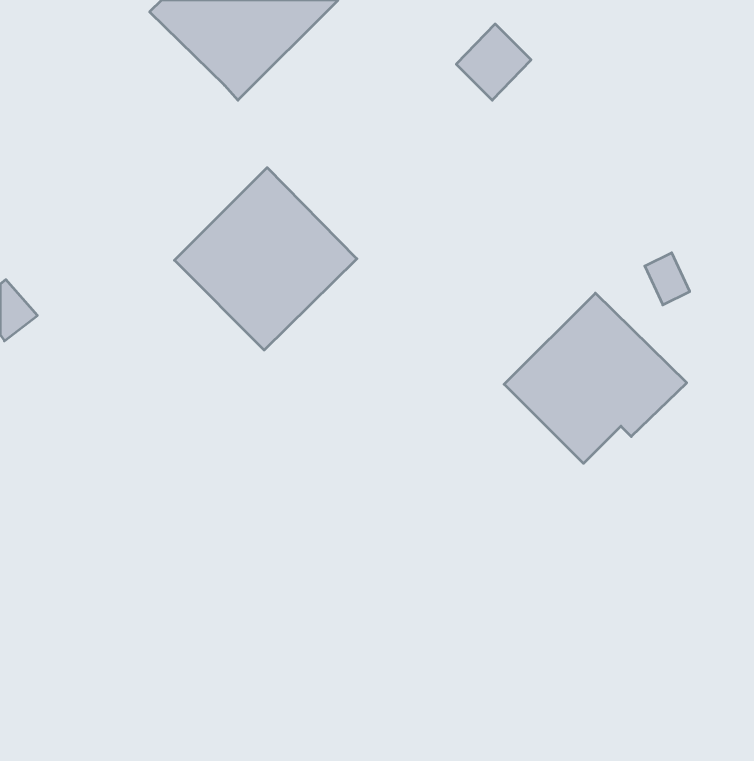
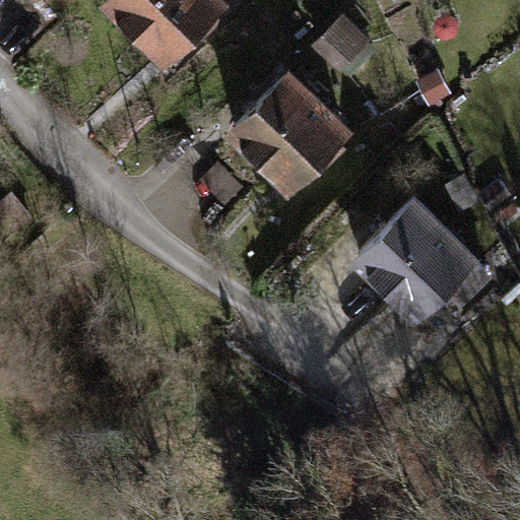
building: [174,168,357,350] -> [230,72,353,196]

